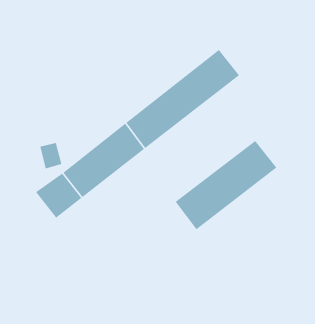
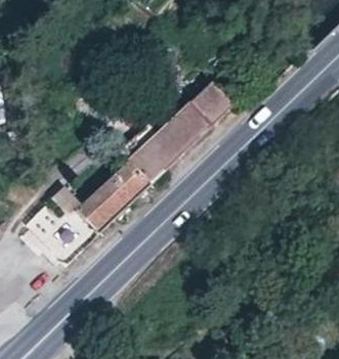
building: [175,140,277,230] -> none

